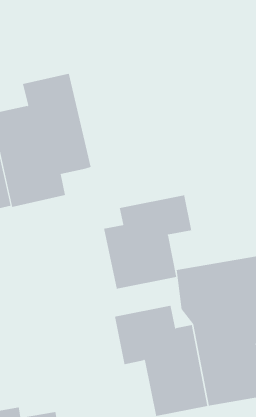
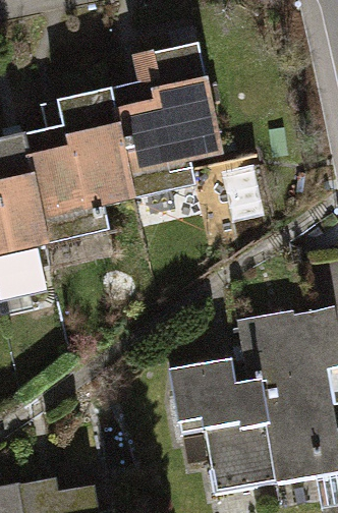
building: none -> [115,47,224,202]
building: [104,194,192,290] -> none

